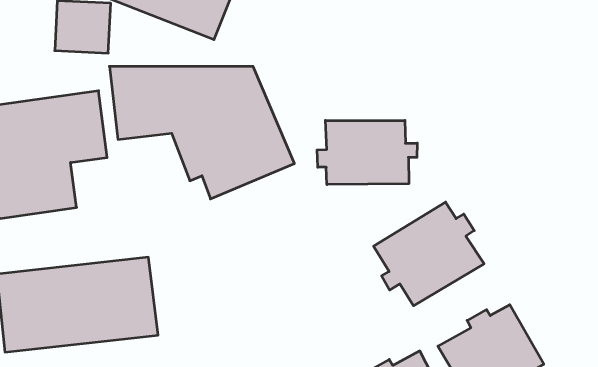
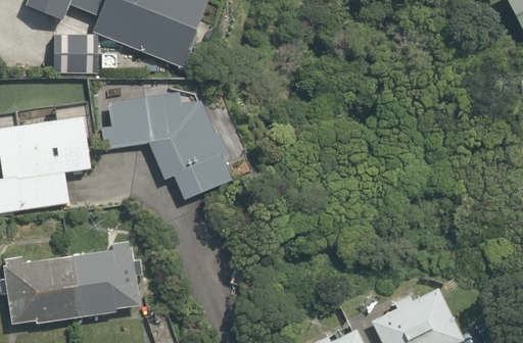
building: [317,120,417,185] -> none
building: [374,202,484,306] -> none

